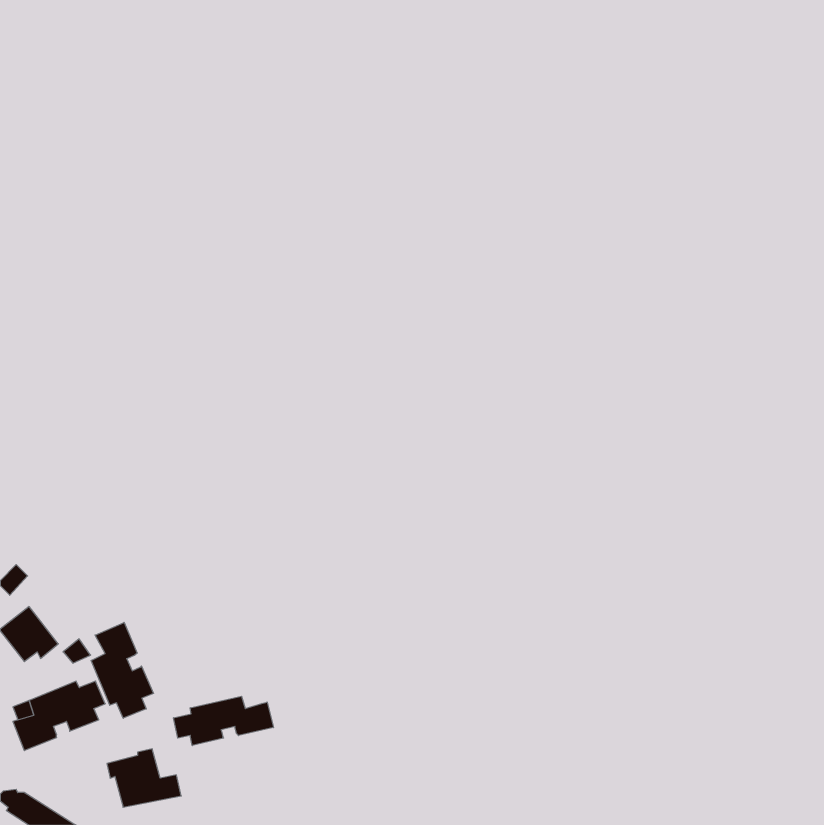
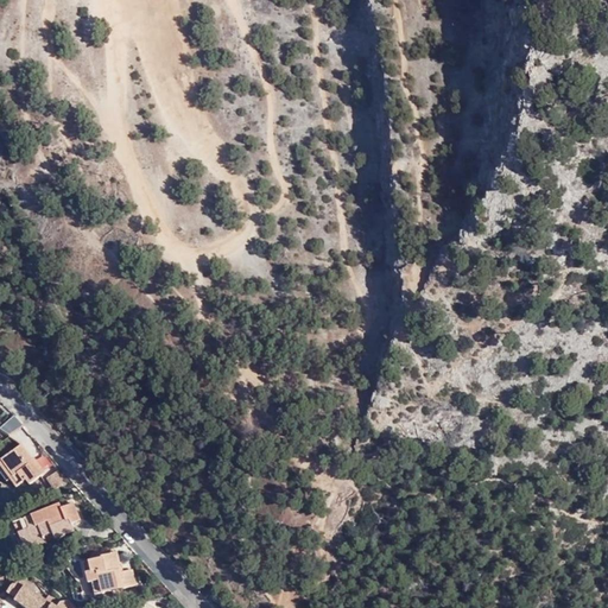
building: [91,622,153,718] -> none
building: [174,696,273,746] -> none

